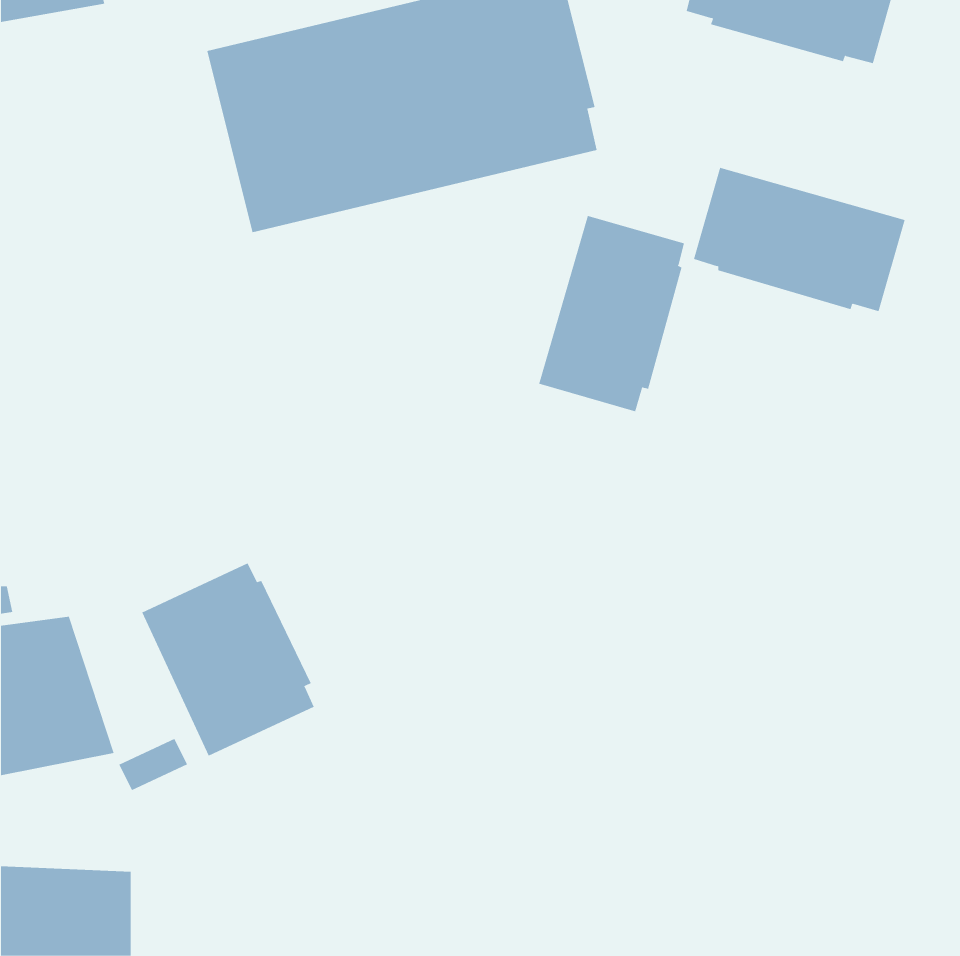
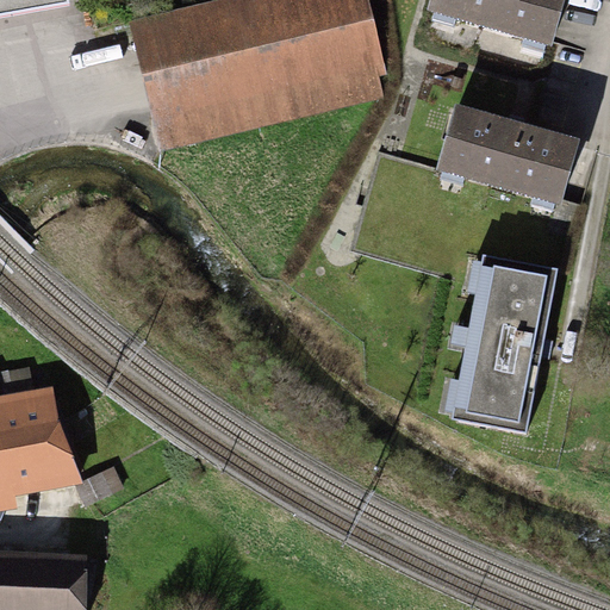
building: [538,215,685,412] -> none
building: none -> [459,250,562,434]
building: [142,563,315,757] -> none

